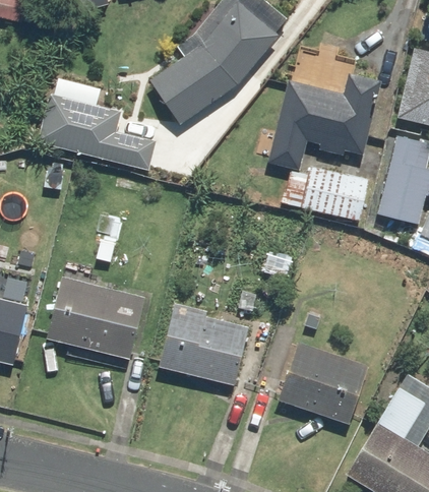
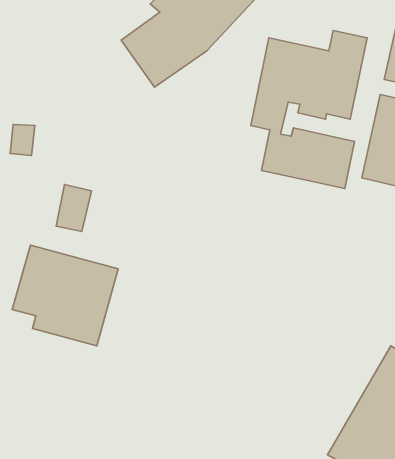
building: [39,78,155,170] -> none
building: [159,308,251,386] -> none
building: [277,342,369,426] -> none

